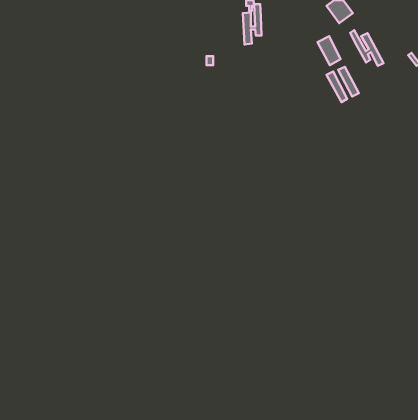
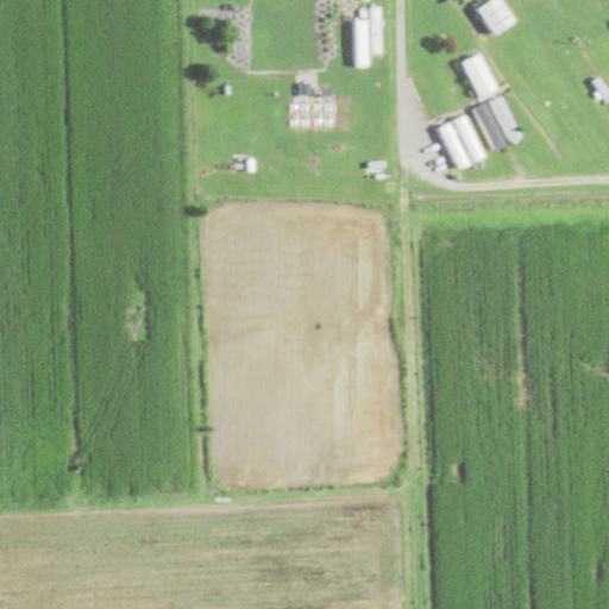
building: [350,30,384,66] -> none
building: none -> [439,115,484,168]

